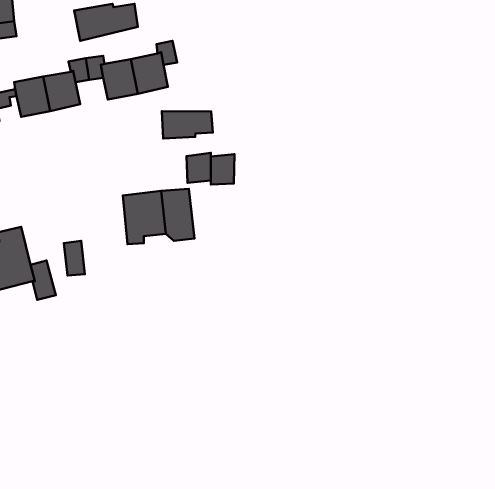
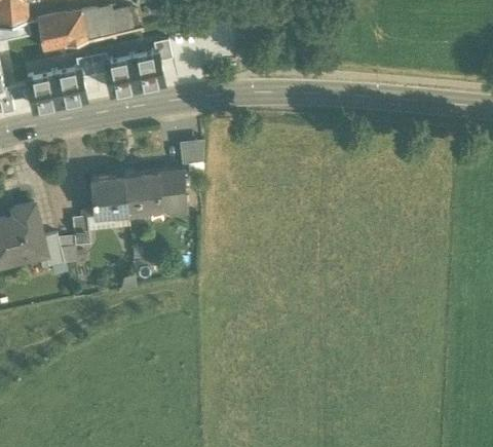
building: none -> [38,12,85,47]
building: [162,111,213,139] -> none
building: [211,154,235,185] -> none
building: none -> [89,177,127,222]

